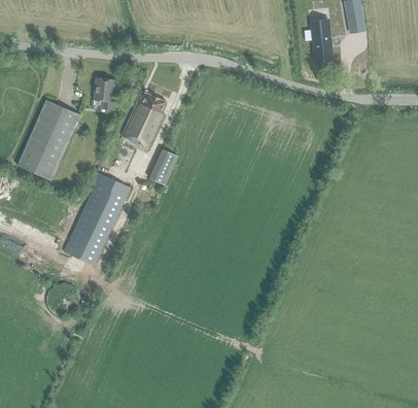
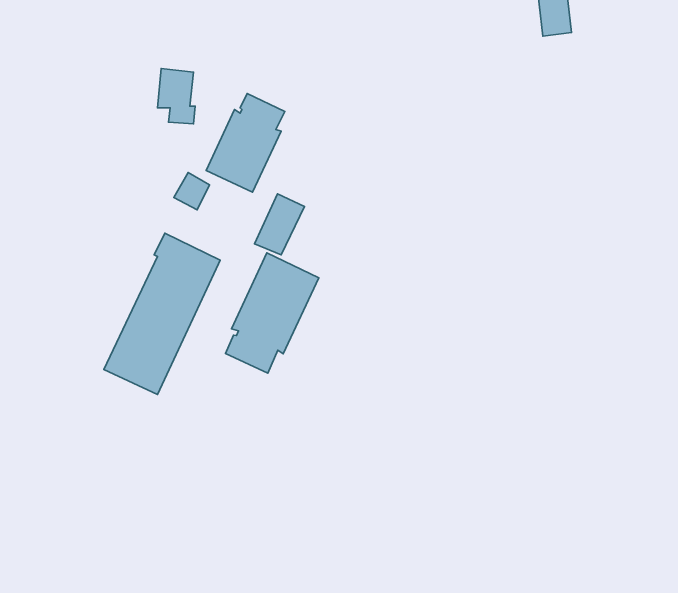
building: [19,100,79,179] -> none
building: none -> [225,253,319,373]

